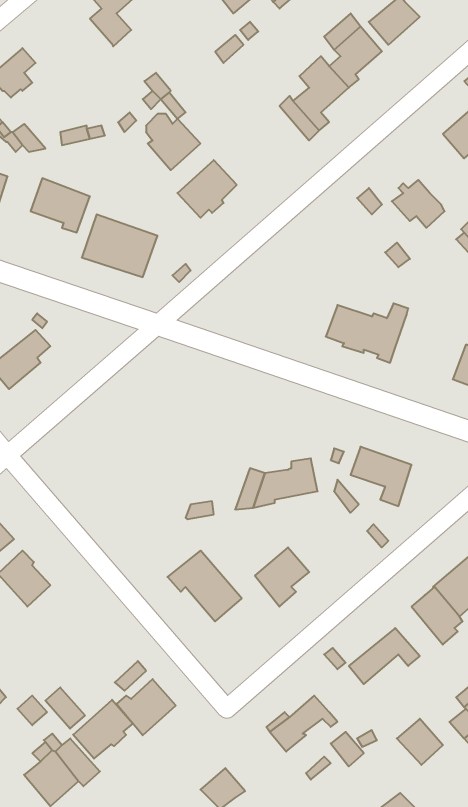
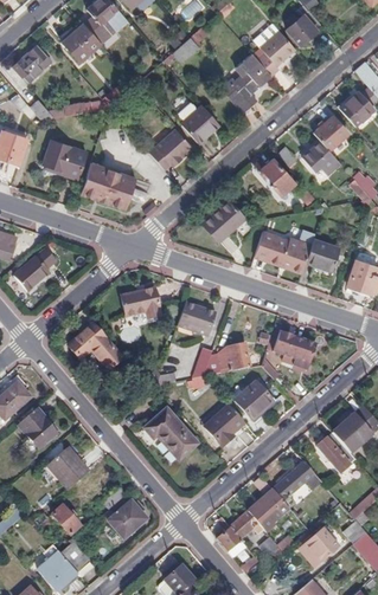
building: none -> [63,25,101,62]
building: [146,114,200,170] -> [180,102,219,142]
building: none -> [313,116,348,150]
building: none -> [262,157,294,193]
building: none -> [203,200,245,241]
building: none -> [305,238,339,270]
building: none -> [121,291,160,319]
building: none -> [174,302,212,336]
building: none -> [68,324,120,368]
building: none -> [235,381,274,420]
building: none -> [49,446,90,490]
building: none -> [246,490,282,532]
building: [73,700,133,759] -> none

